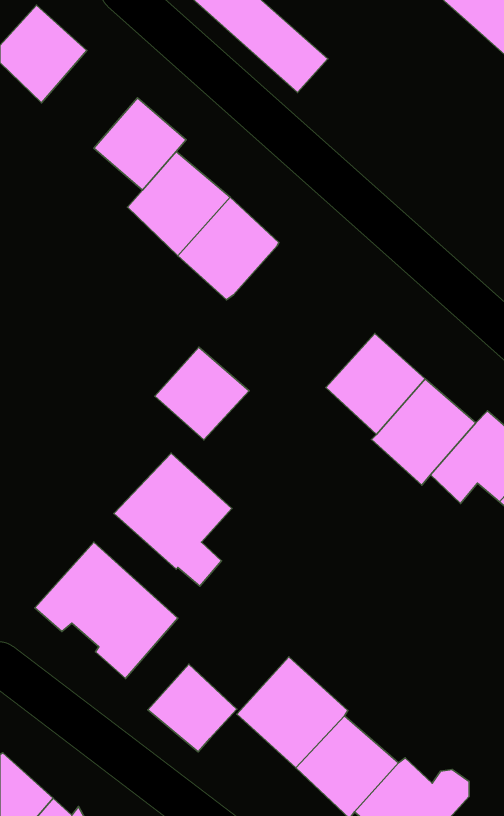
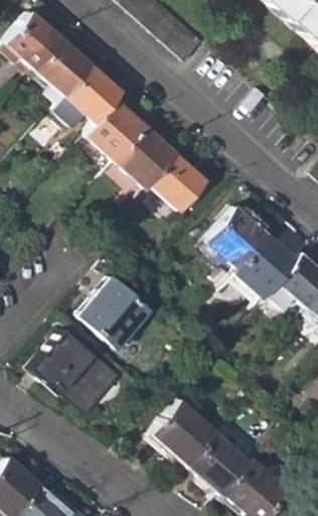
building: none -> [34,36,92,95]
building: [155,347,249,440] -> [149,153,205,209]
building: [148,664,237,752] -> none

